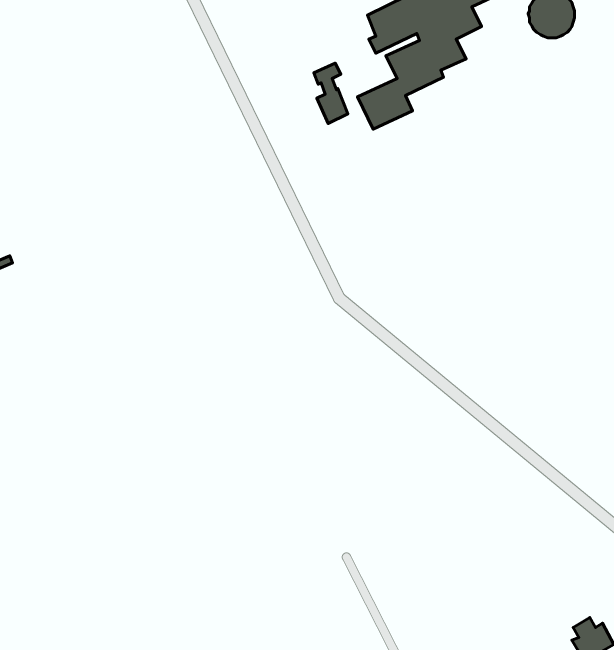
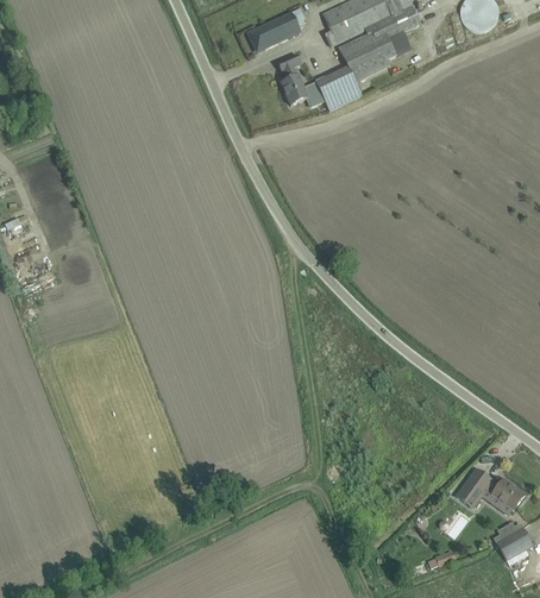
building: none -> [256,12,301,48]
building: none -> [457,468,525,509]

